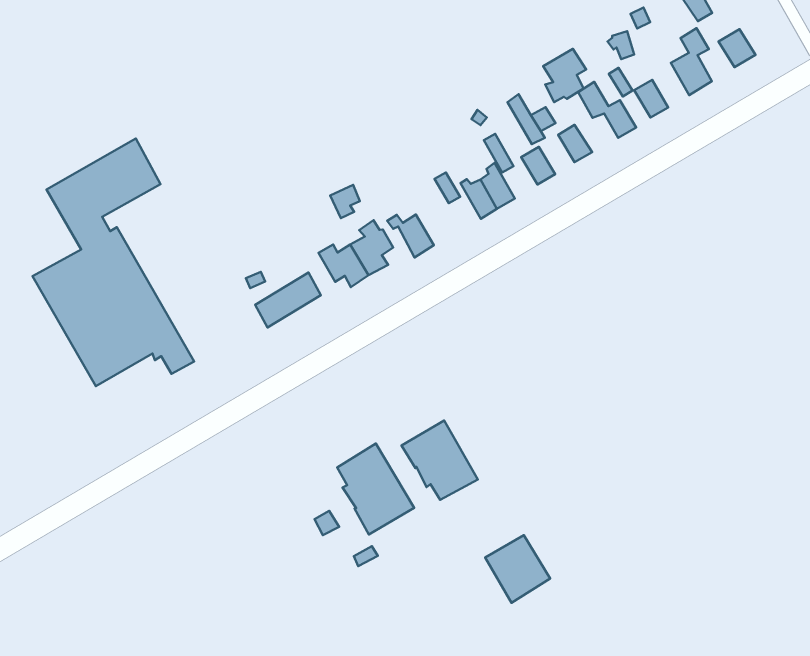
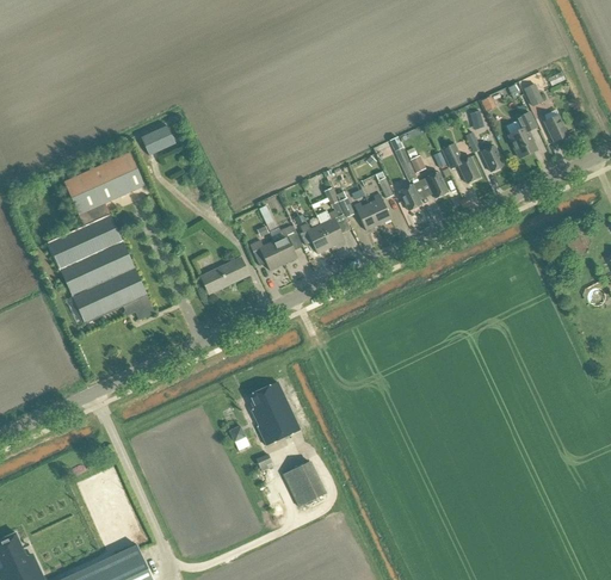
building: [543,49,586,102] -> none
building: none -> [142,125,175,155]
building: none -> [320,190,345,247]
building: [402,421,478,500] -> none
building: [485,535,550,603] -> [282,461,326,507]

